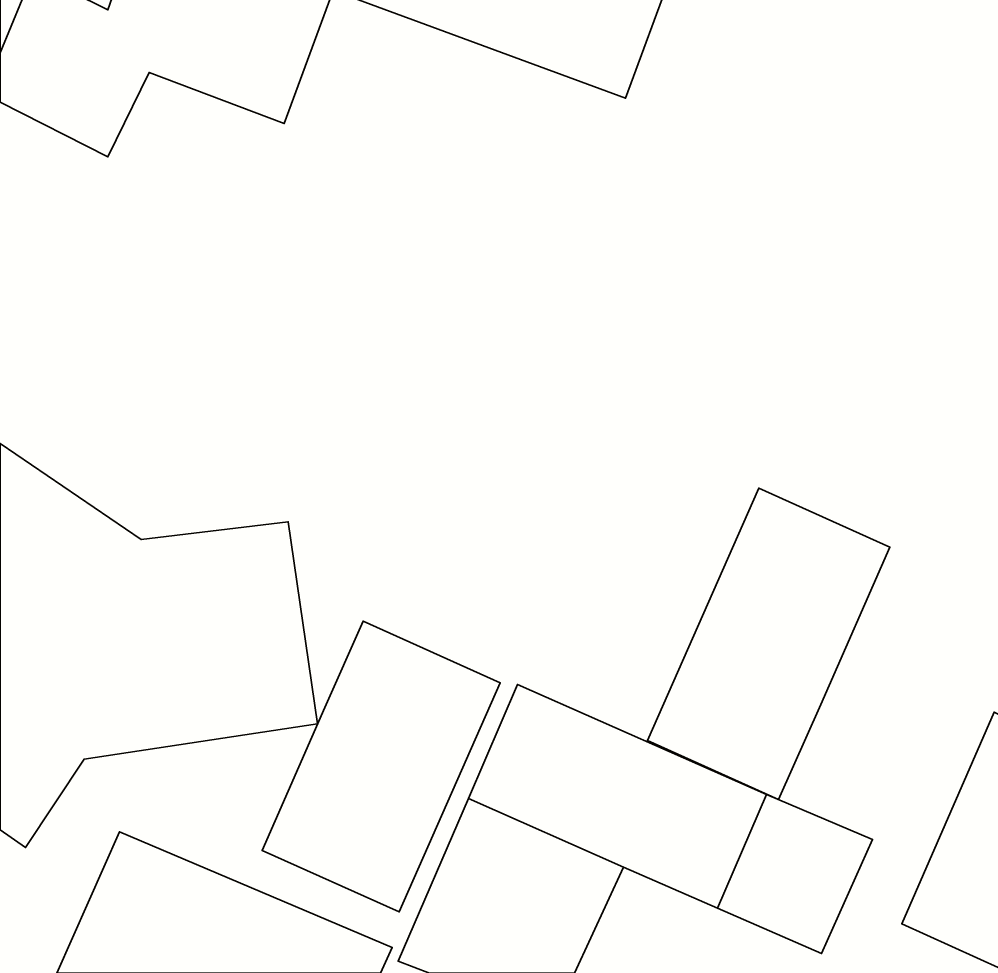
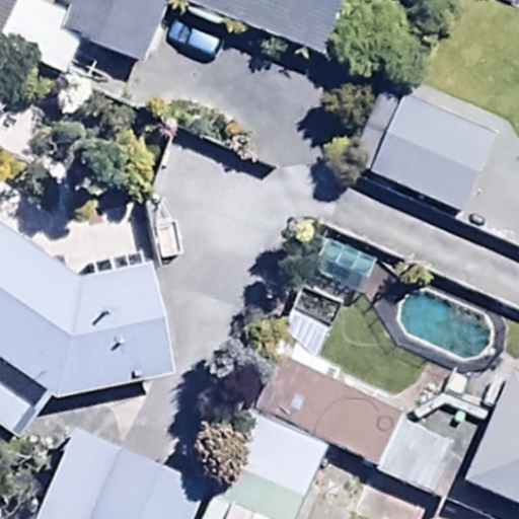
building: none -> [372,91,502,211]
building: [648,488,890,800] -> none
building: [262,621,500,912] -> none

